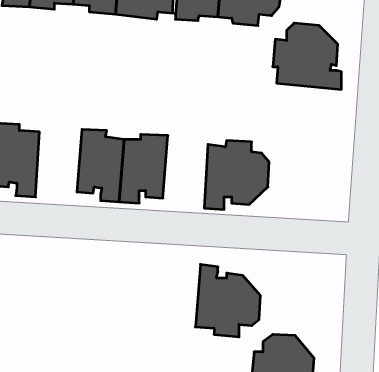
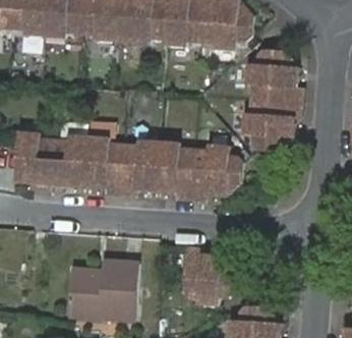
building: none -> [241,98,301,153]
building: none -> [52,133,90,191]
building: none -> [162,140,192,200]
building: none -> [69,259,138,318]

